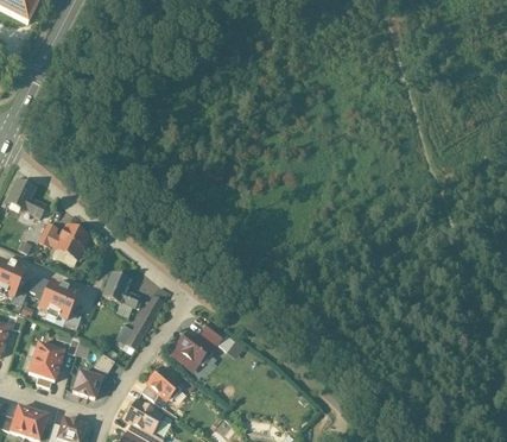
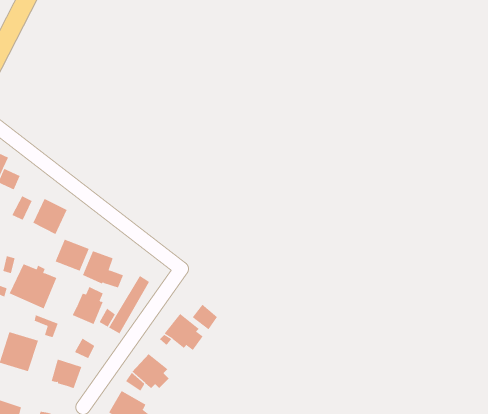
building: none -> [55,239,89,272]
building: none -> [72,286,104,325]

